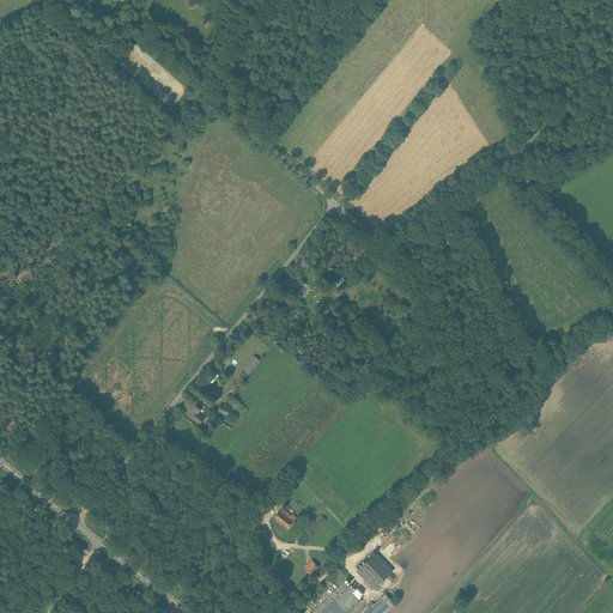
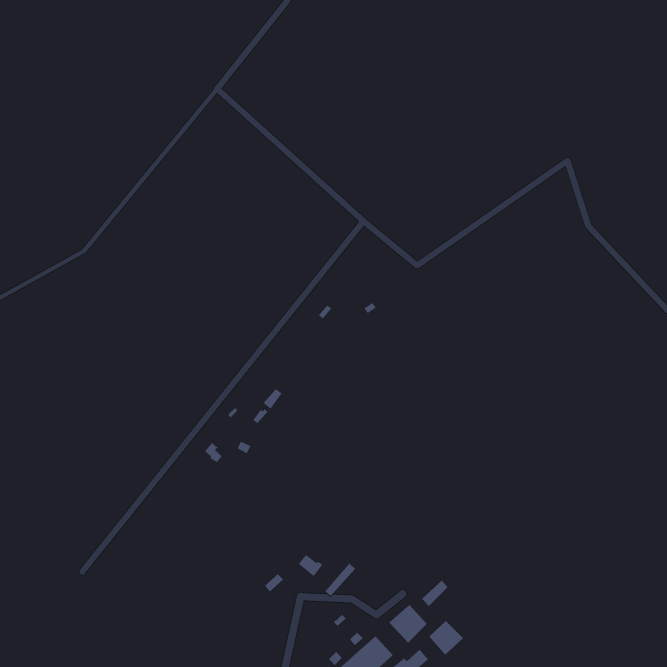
building: none -> [429,620,464,655]

